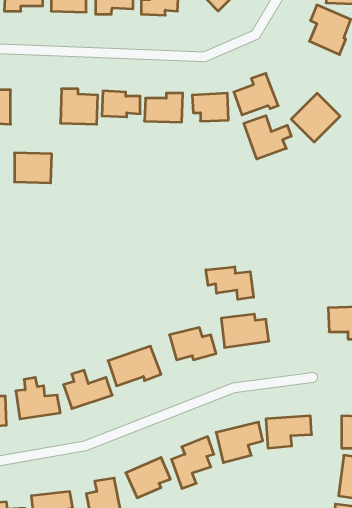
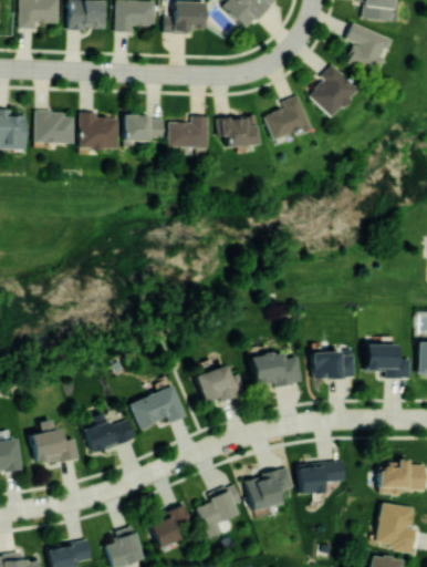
building: [291,93,340,142] -> [306,66,358,118]
building: [244,116,291,159] -> none
building: [14,153,52,183] -> [34,112,74,144]
building: [206,267,254,299] -> none
building: none -> [311,352,355,380]

